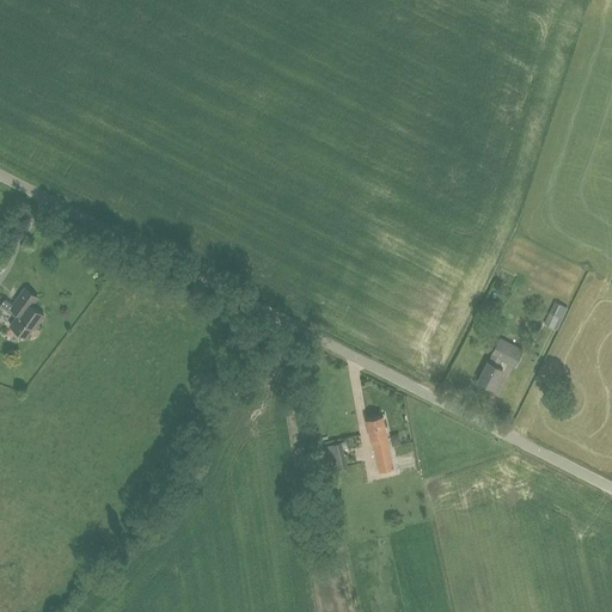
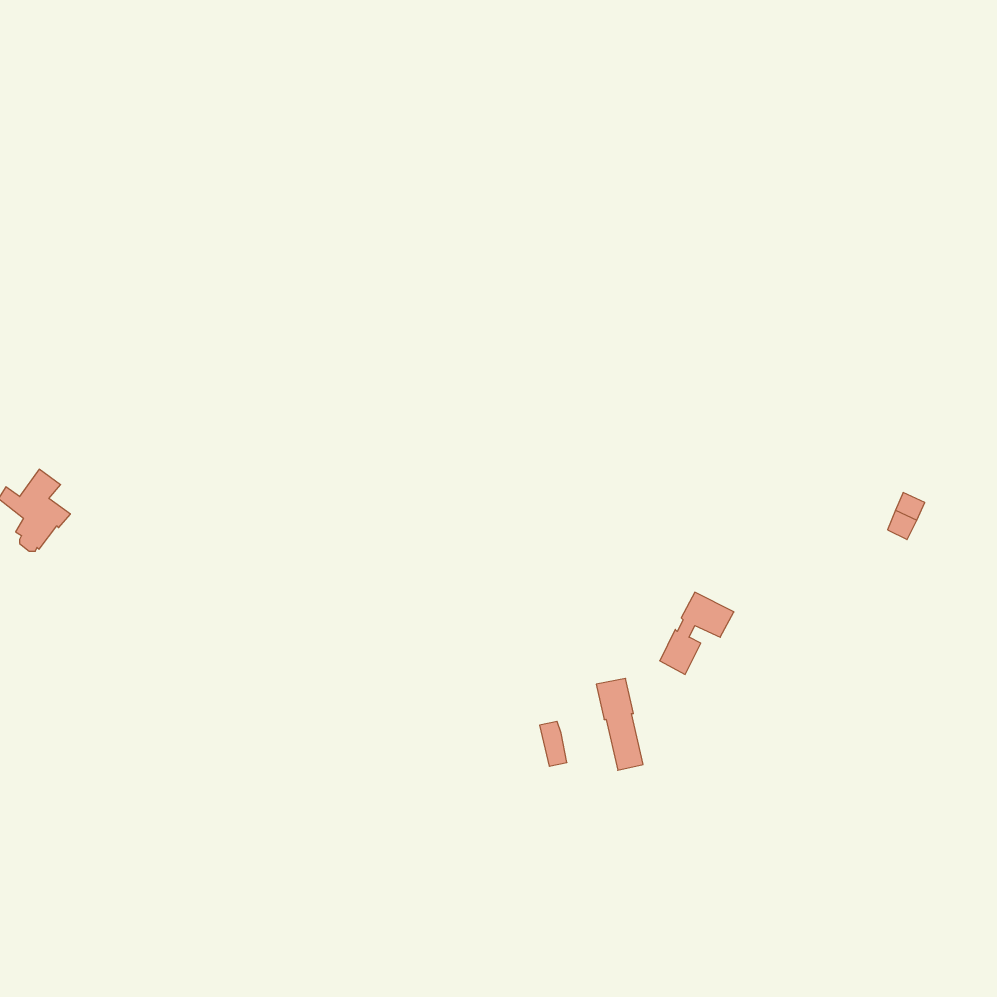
building: [477,339,522,390] -> [660,592,734,674]

